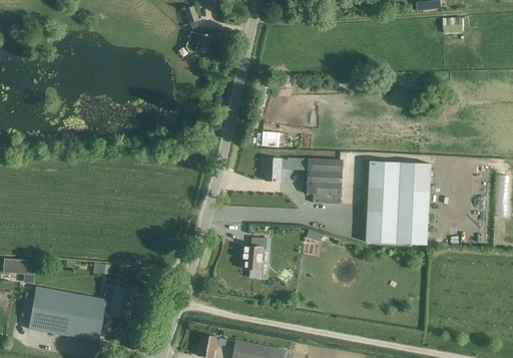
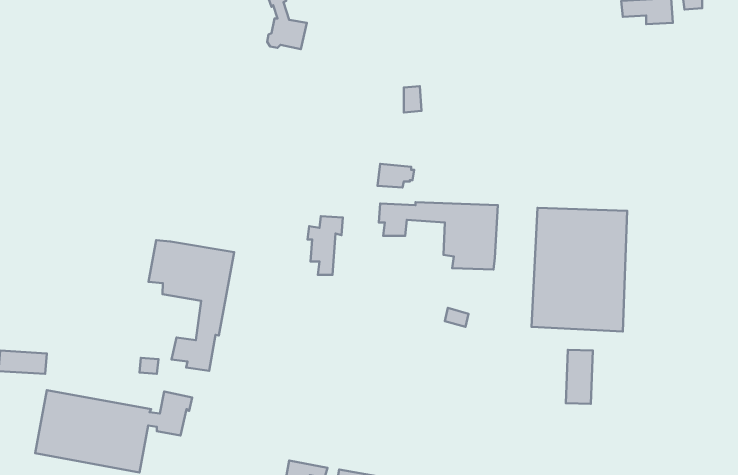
building: none -> [149,240,234,371]
building: [242,237,267,277] -> [308,216,343,275]
building: none -> [566,350,593,404]

